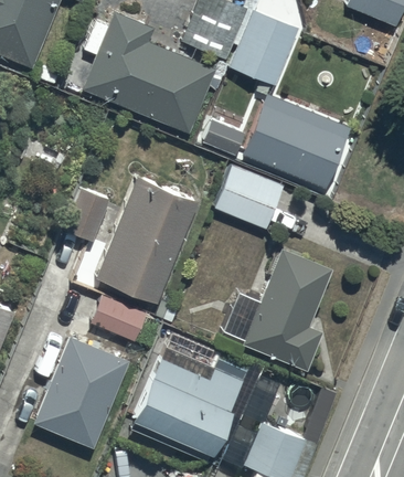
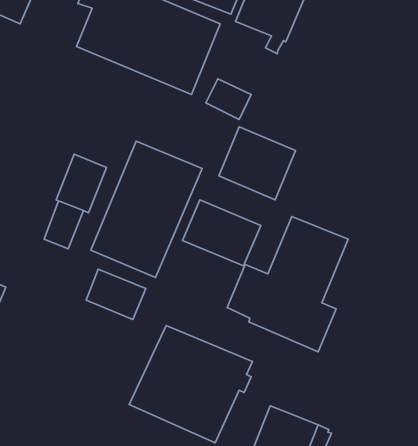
building: [242,94,351,189] -> none
building: none -> [182,200,261,266]
building: [33,333,130,448] -> none

